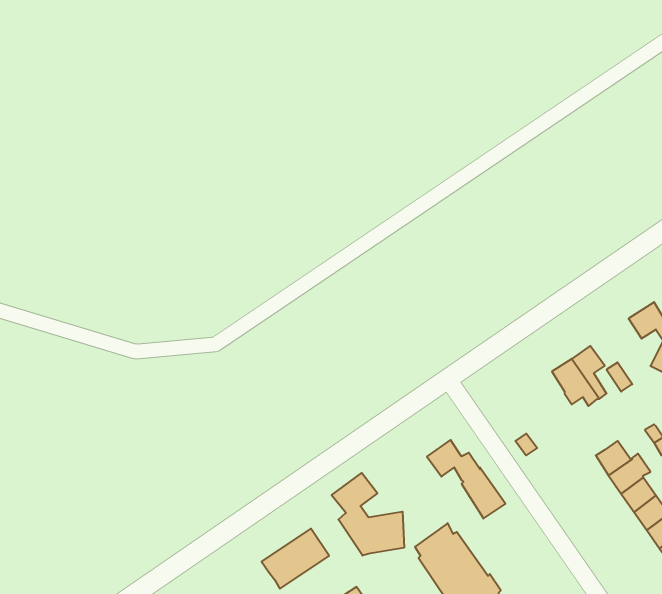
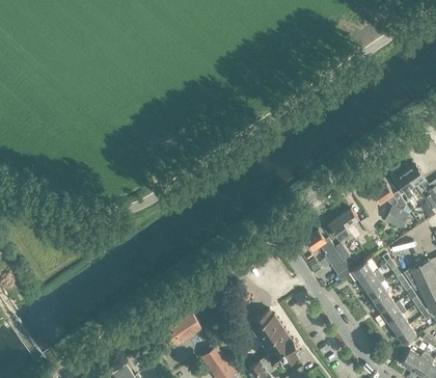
building: [427,440,505,519] -> [304,231,349,275]
building: [332,473,404,556] -> none

